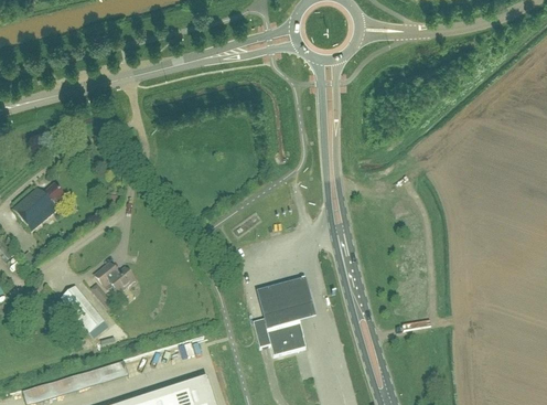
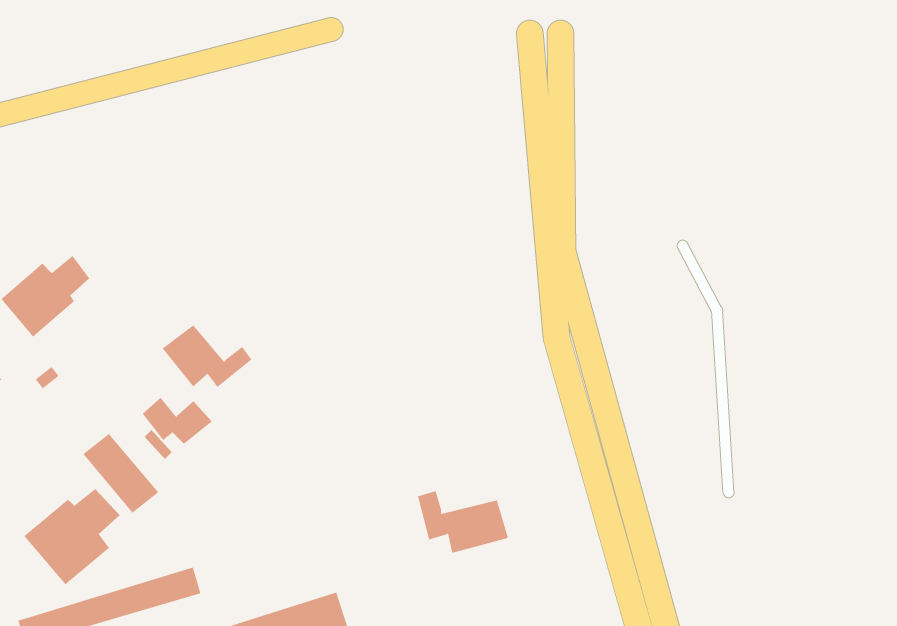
building: none -> [162,324,252,388]
building: [255,280,314,333] -> none
building: none -> [24,488,121,585]

